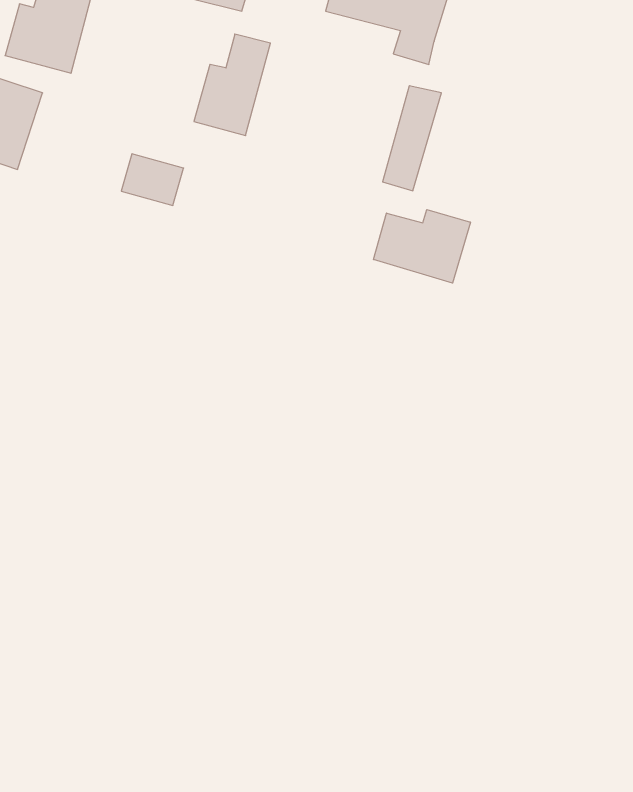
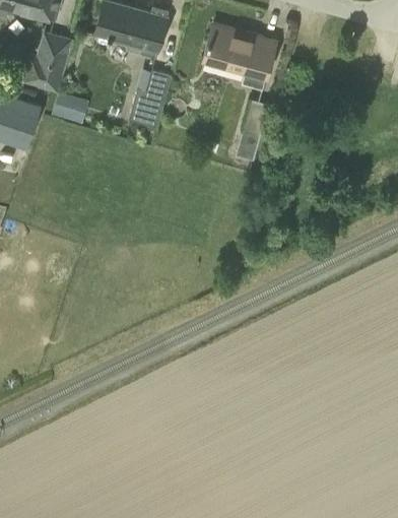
building: [121,154,184,205] -> [53,90,88,120]
building: [374,210,470,283] -> none

